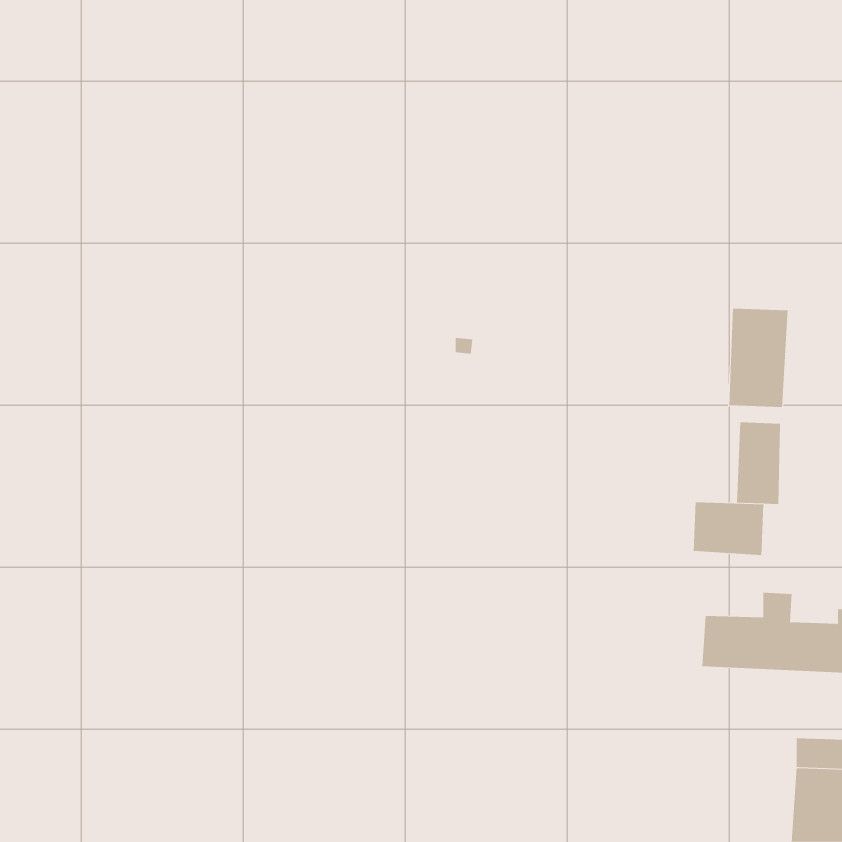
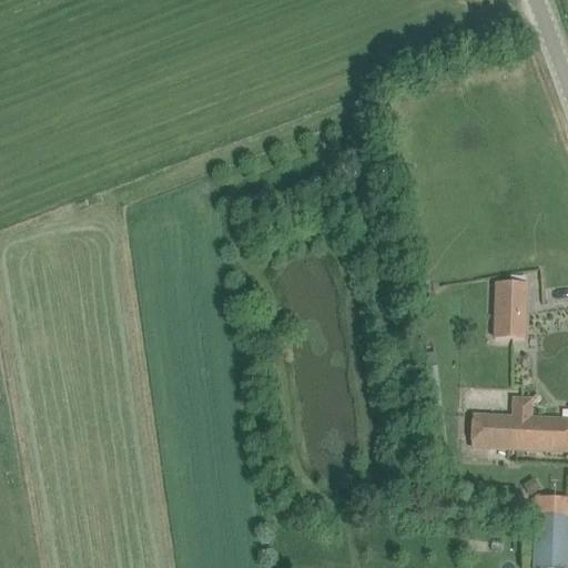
building: [729,308,788,408] -> none
building: [693,502,764,556] -> none

